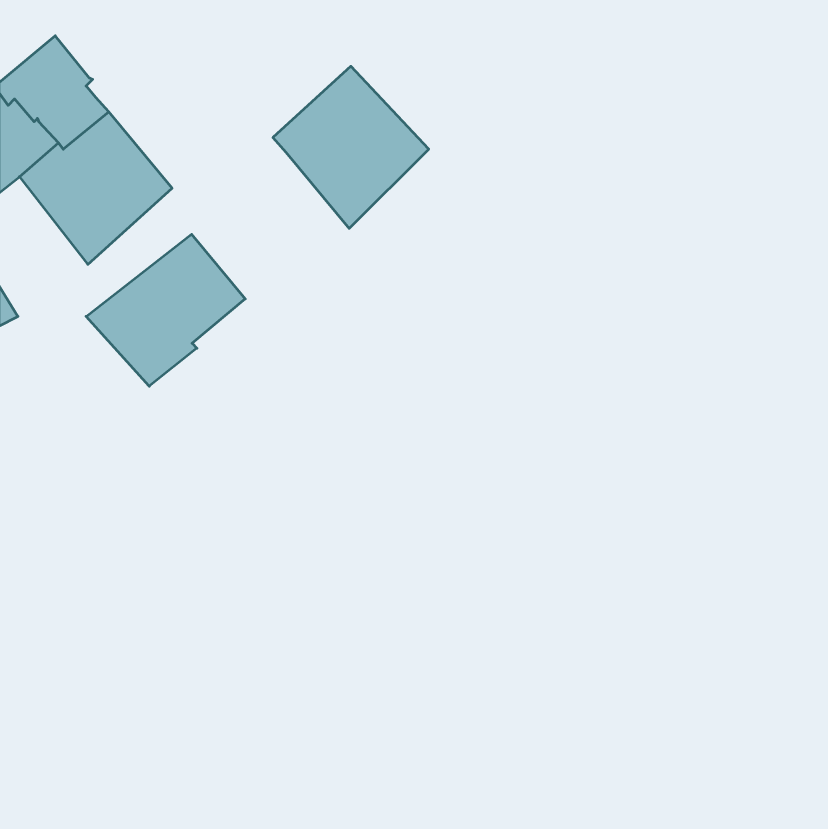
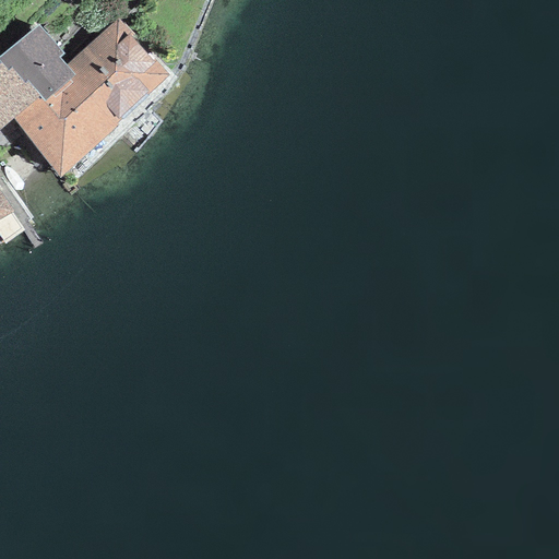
building: [273,66,429,228] -> [64,17,169,127]
building: [86,234,245,386] -> none

